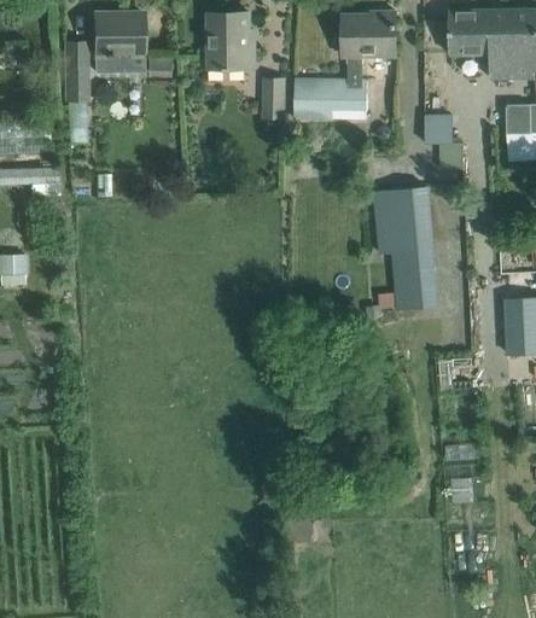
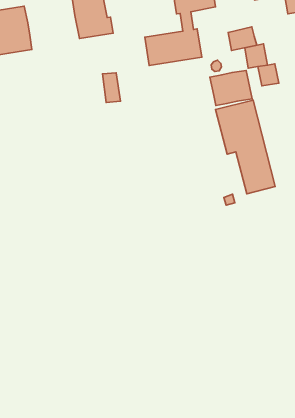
building: [263,75,282,115] -> [103,73,121,102]
building: none -> [228,27,257,50]
building: none -> [210,70,252,106]

